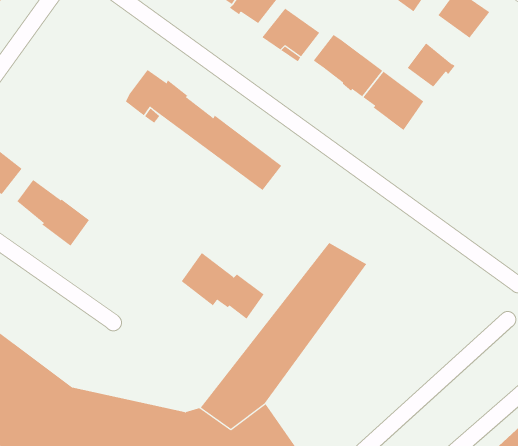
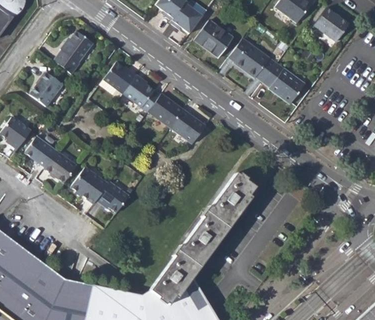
building: none -> [54,30,92,74]
building: [407,42,455,87] -> none
building: none -> [29,70,62,105]
building: [181,252,265,319] -> [71,166,128,212]

